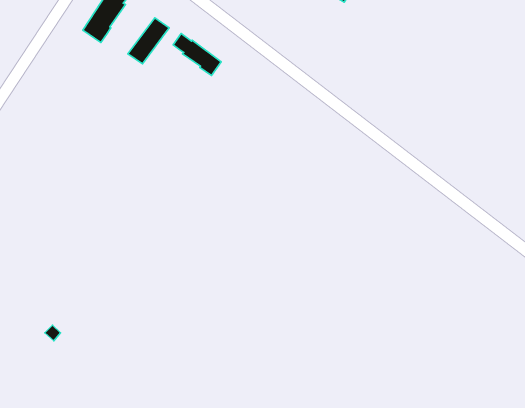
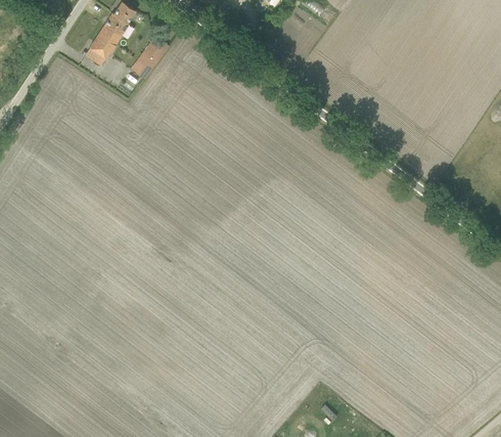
building: [173,34,221,76] -> none

